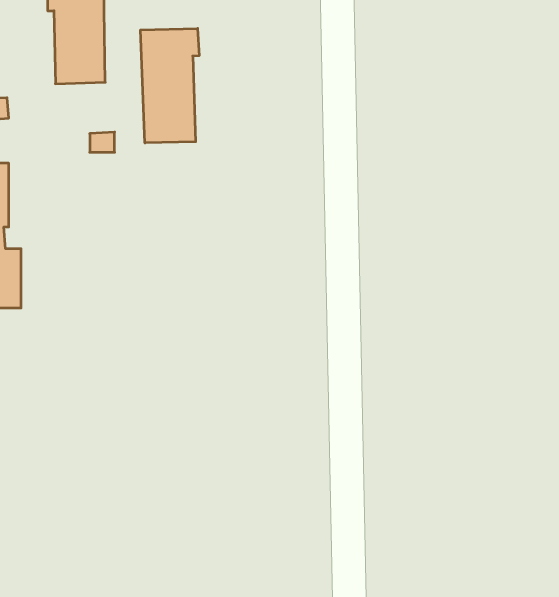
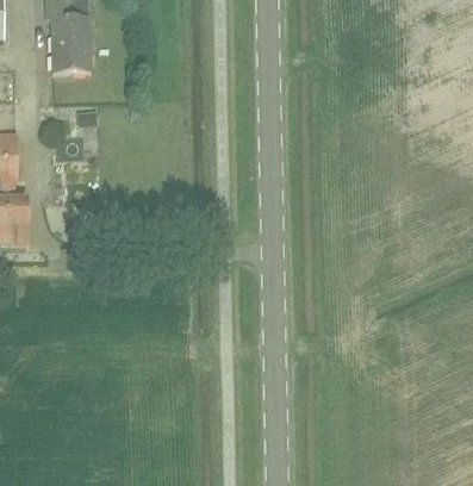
building: [141,28,199,143] -> none

